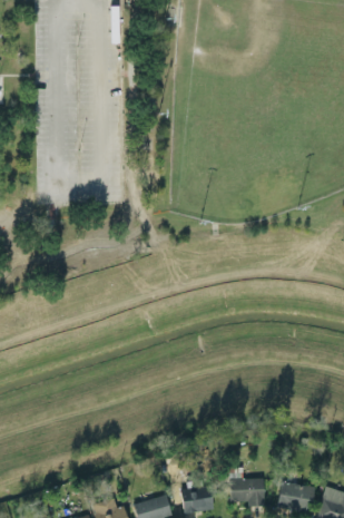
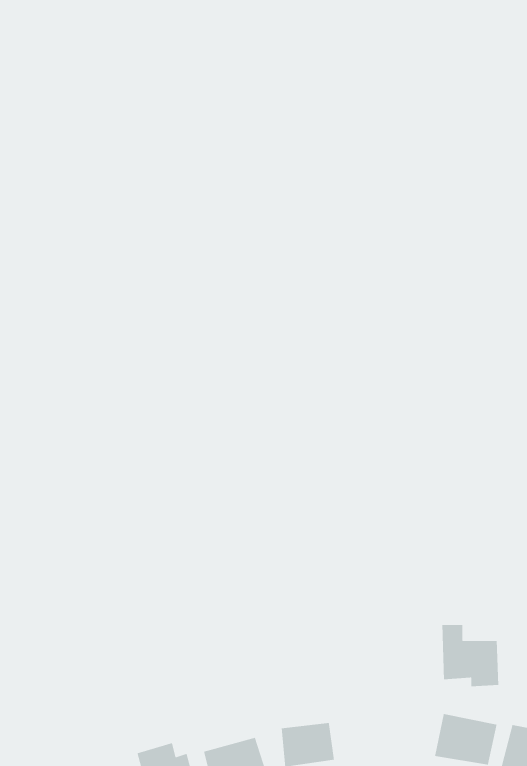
building: [229,469,265,508] -> [441,624,499,687]

